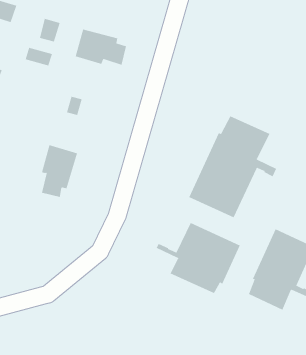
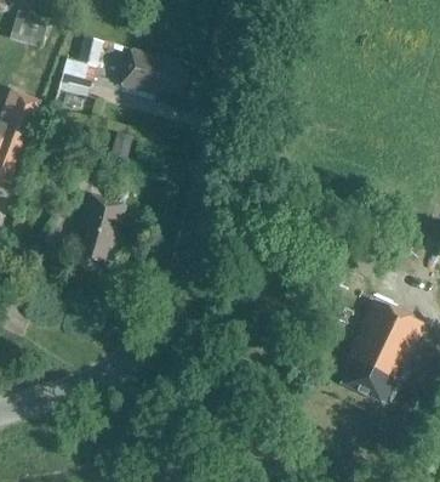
building: [189,115,277,218] -> none
building: [156,222,241,294] -> none

